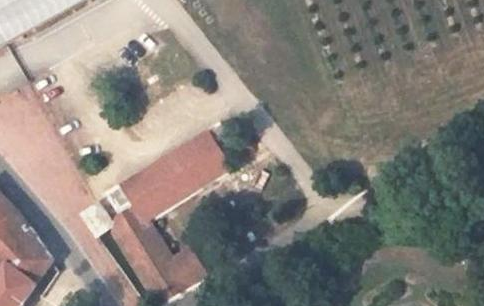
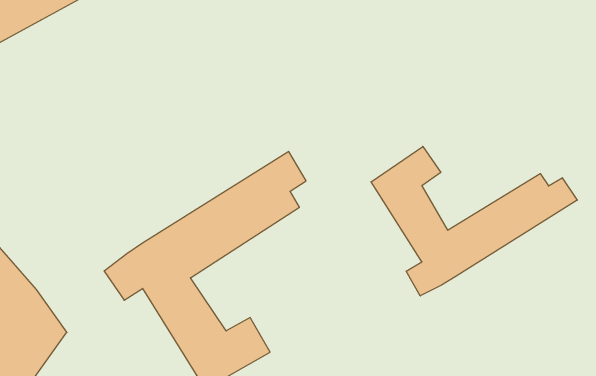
building: none -> [371,146,577,296]

